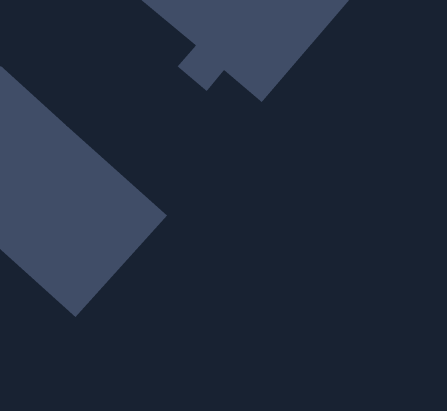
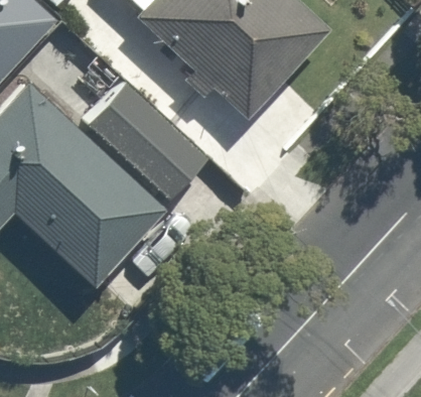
building: none -> [84,85,207,205]

